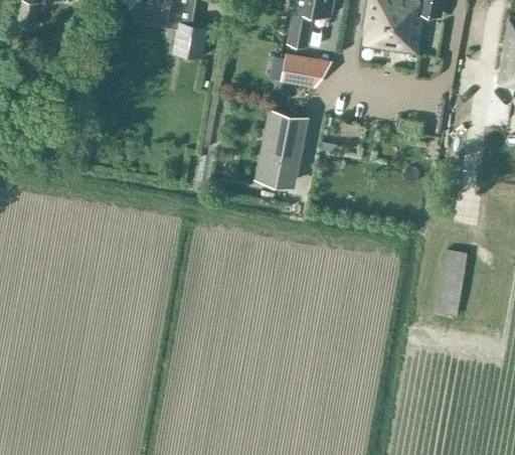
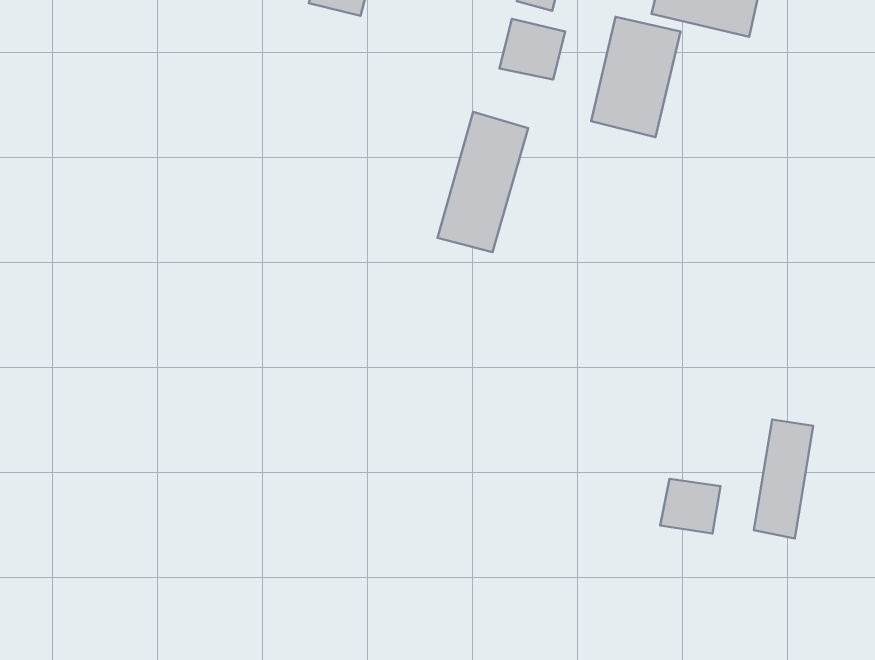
building: none -> [591,17,680,137]
building: none -> [660,479,720,533]

